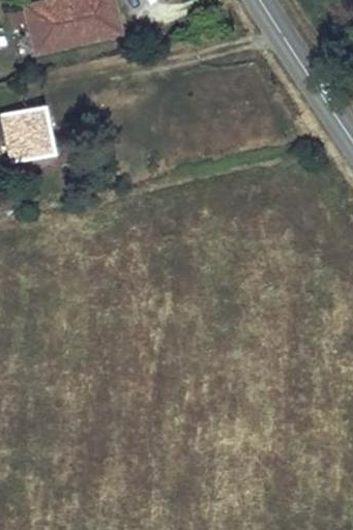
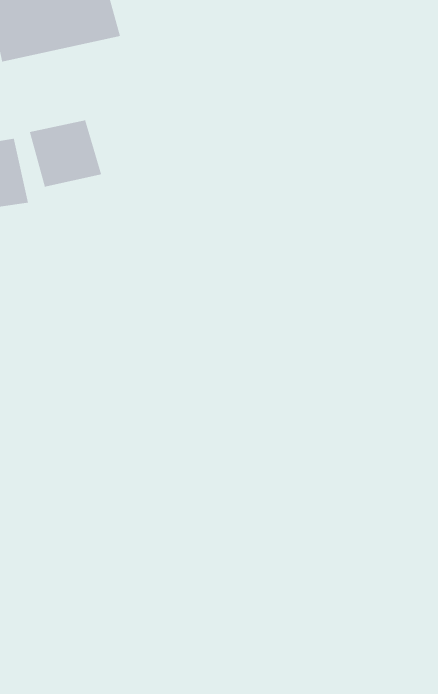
building: none -> [29,119,102,188]

